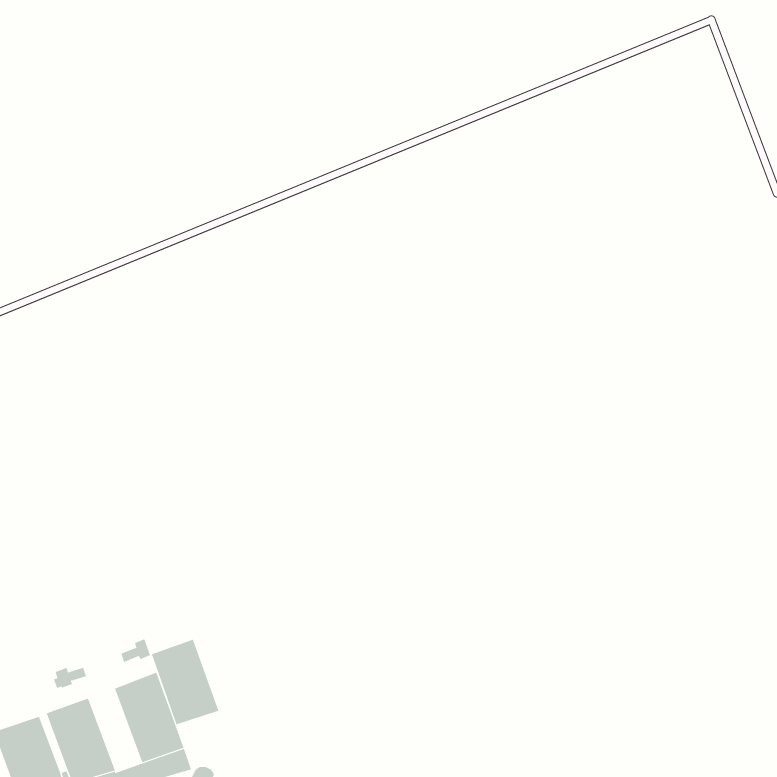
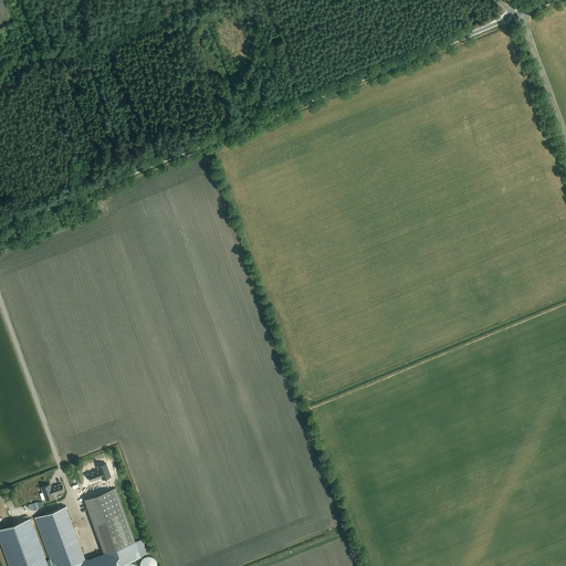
building: [151,639,219,725] -> none

